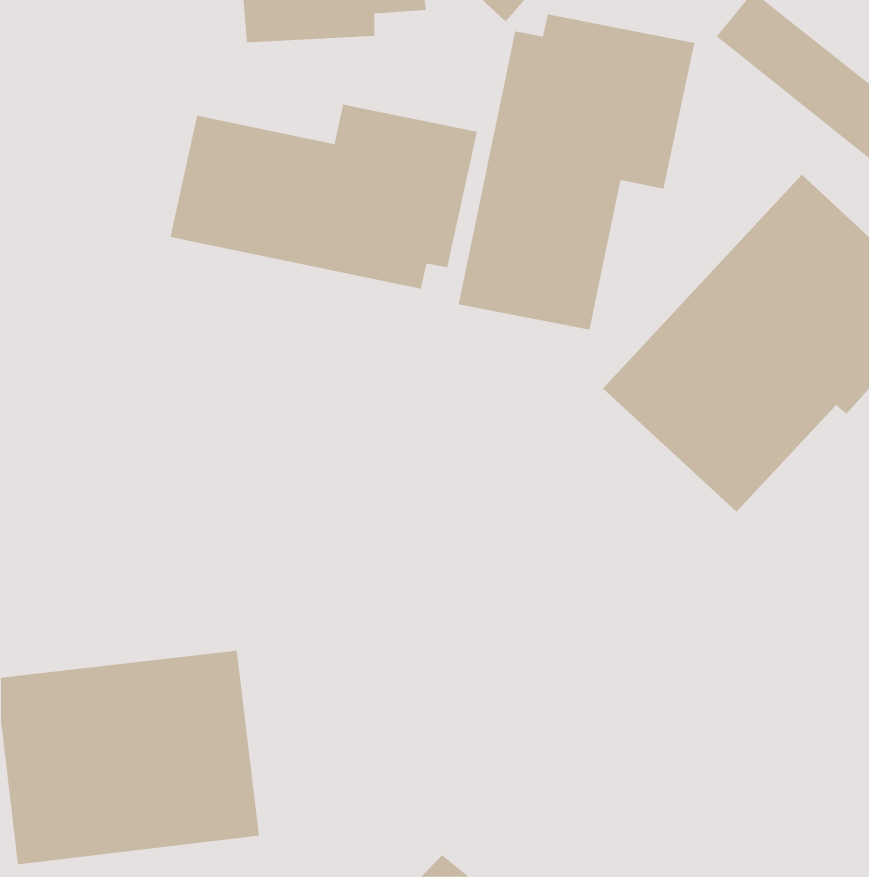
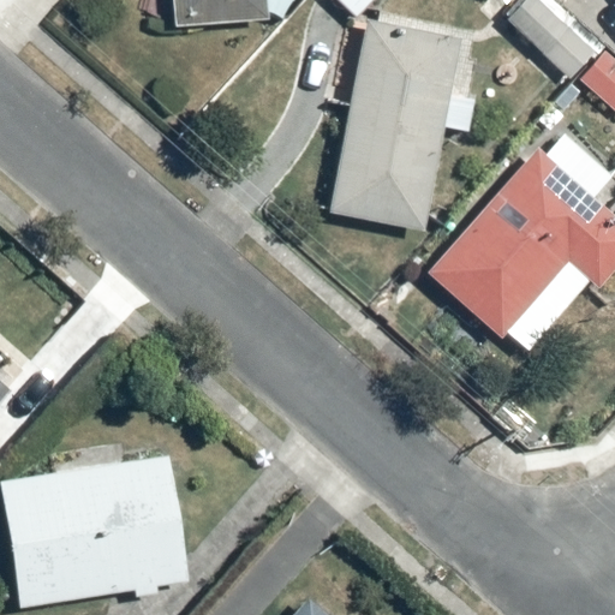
building: [170,104,477,290] -> none

